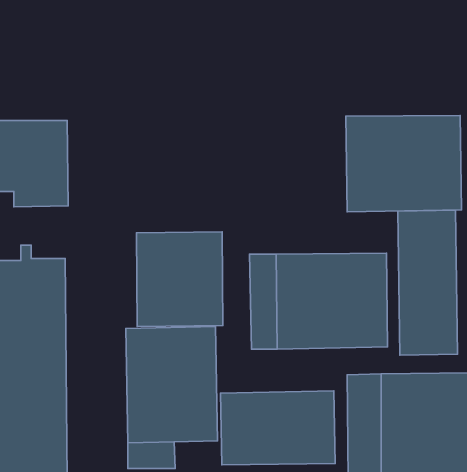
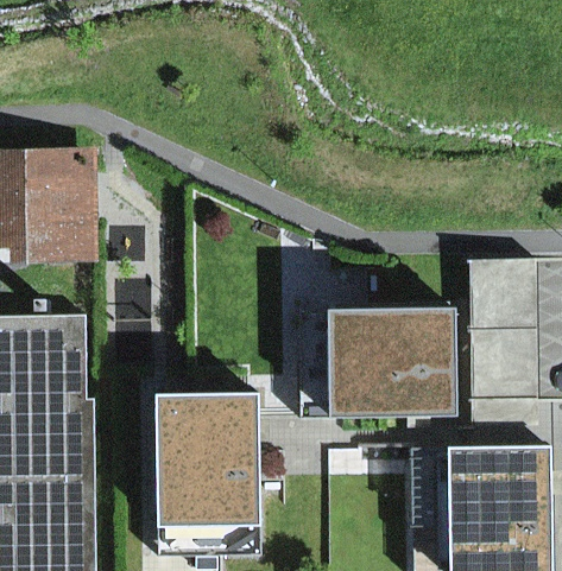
building: [346,115,462,212] -> none
building: [136,232,223,326] -> none
building: [220,391,335,465] -> none

